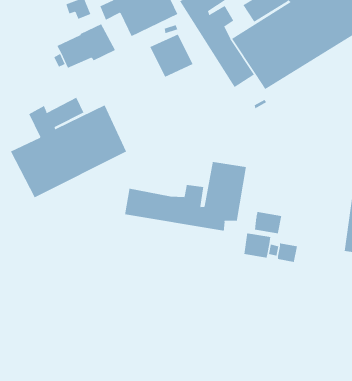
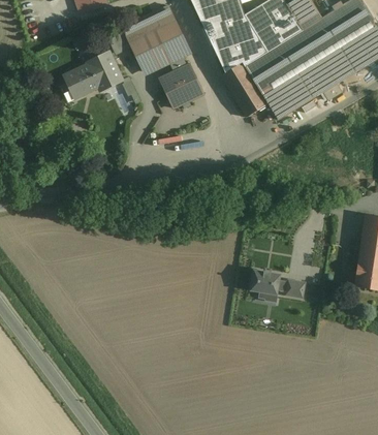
building: [10,97,127,198] -> none
building: [125,161,246,232] -> none
building: [255,211,282,234] -> none

